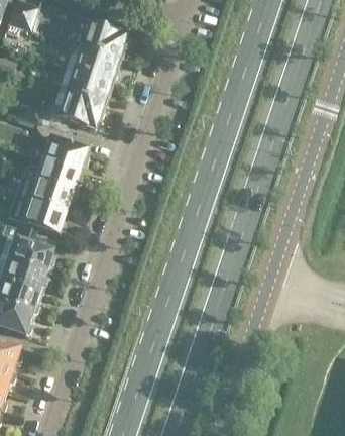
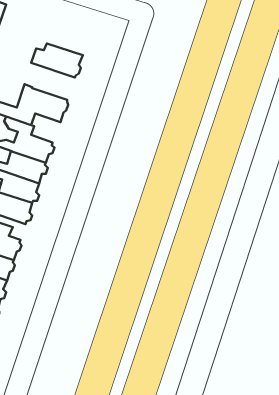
building: [71,19,125,59] -> none
building: [60,67,111,105] -> none

